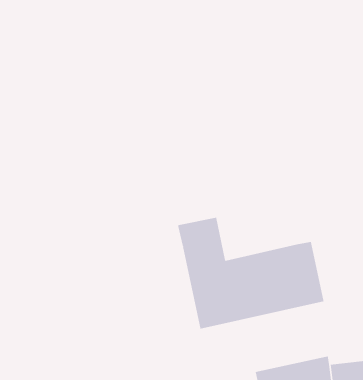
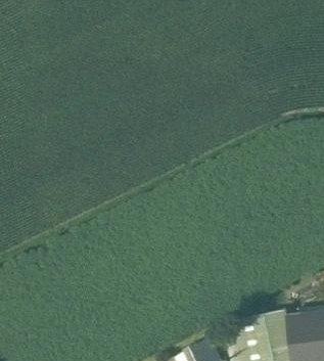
building: [177,217,324,330] -> none

